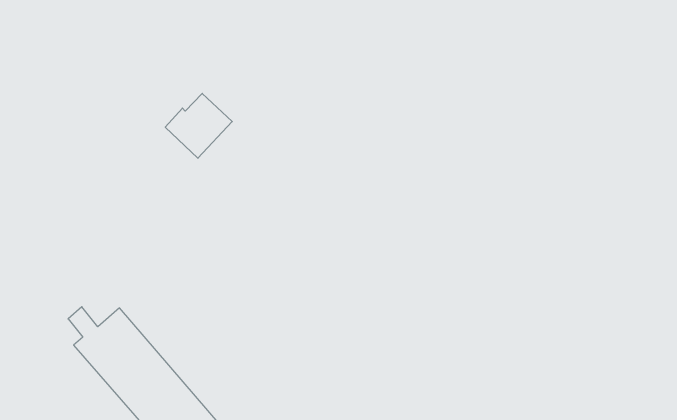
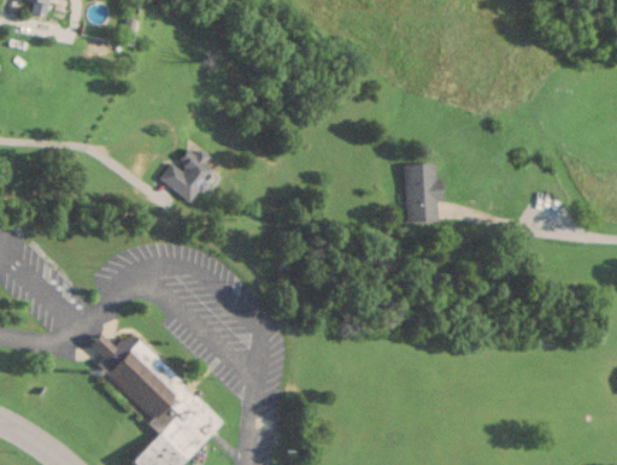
building: none -> [407,165,441,224]

